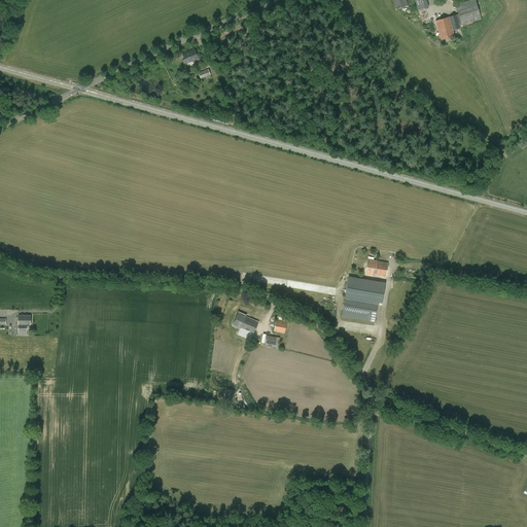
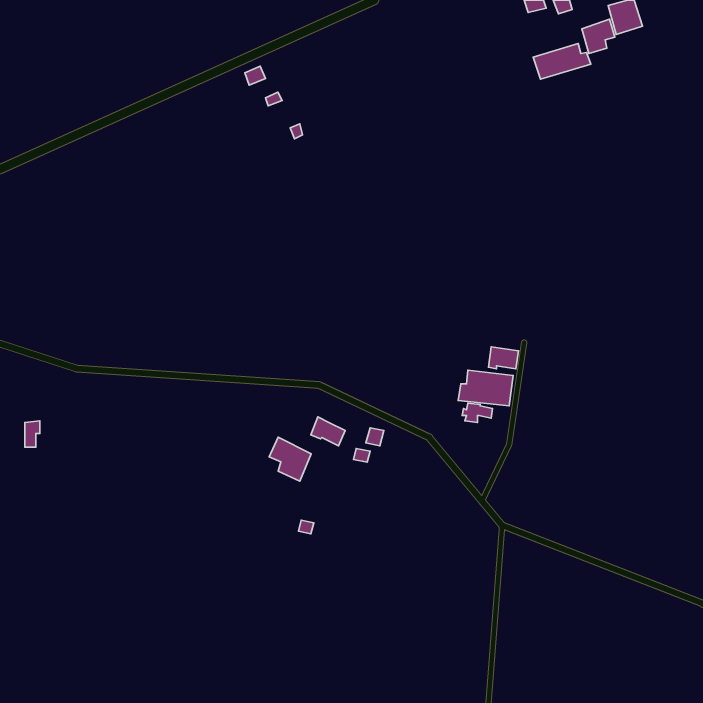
building: none -> [533,44,591,79]
building: none -> [269,437,311,481]

